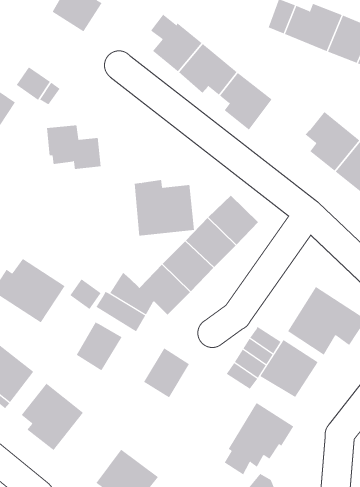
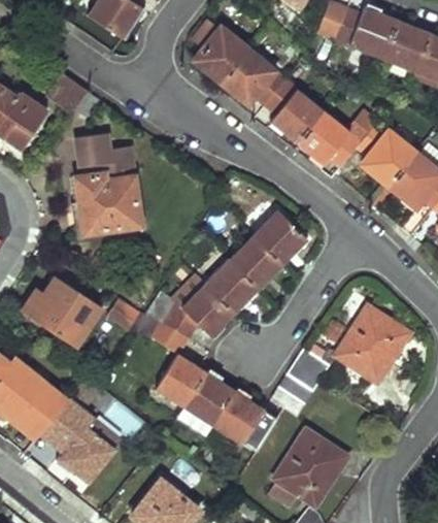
building: none -> [296,108,360,164]
building: [134,180,195,236] -> [79,174,144,234]
building: [76,322,122,371] -> [156,355,205,407]
building: [259,339,318,398] -> none
building: none -> [211,389,264,444]

